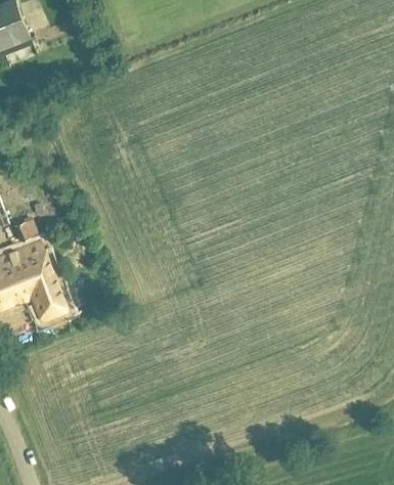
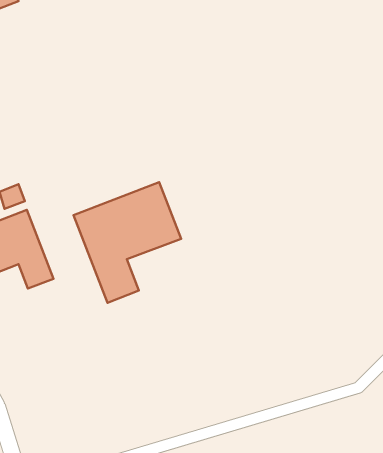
building: none -> [74,182,181,303]

